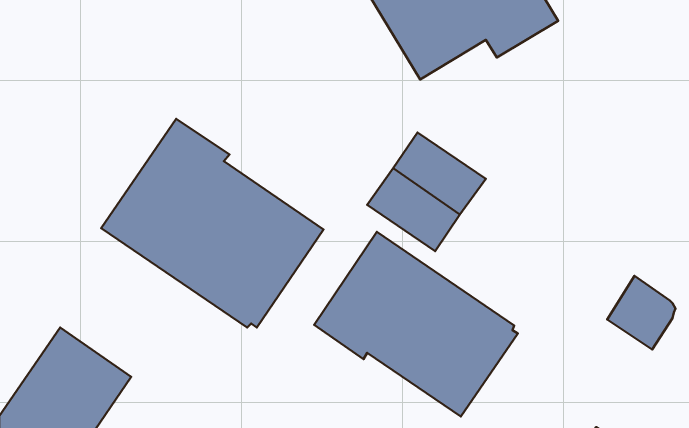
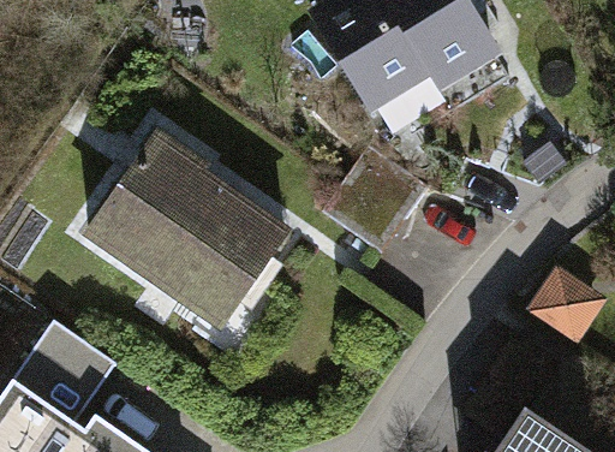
building: [314,232,518,417] -> none

